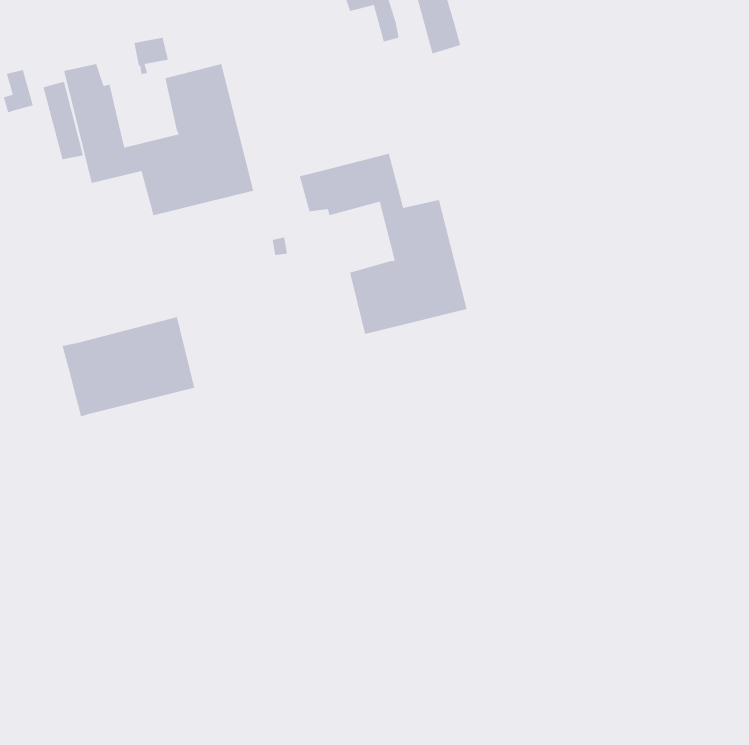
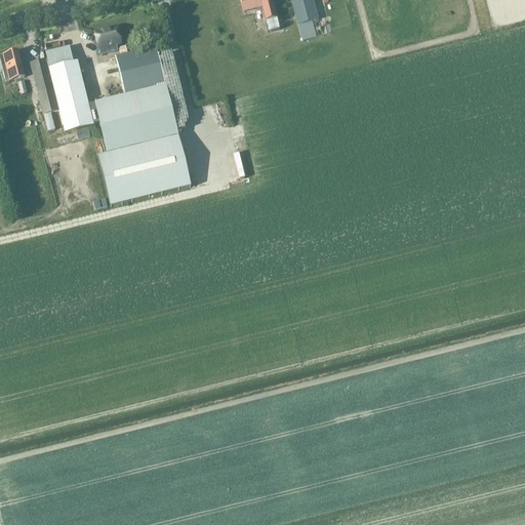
building: [299,153,468,335] -> none
building: [61,316,195,418] -> [97,133,191,204]

